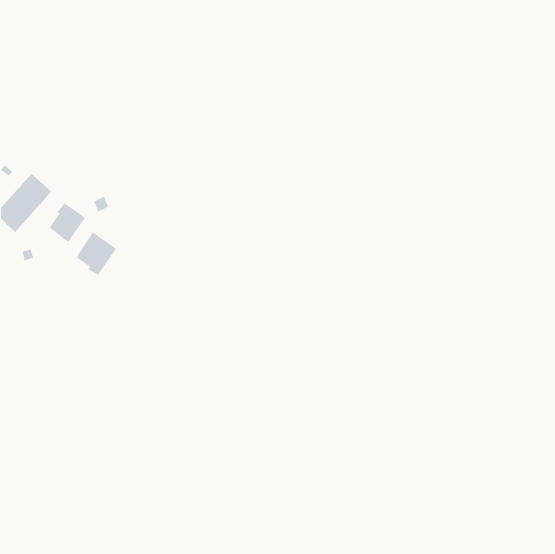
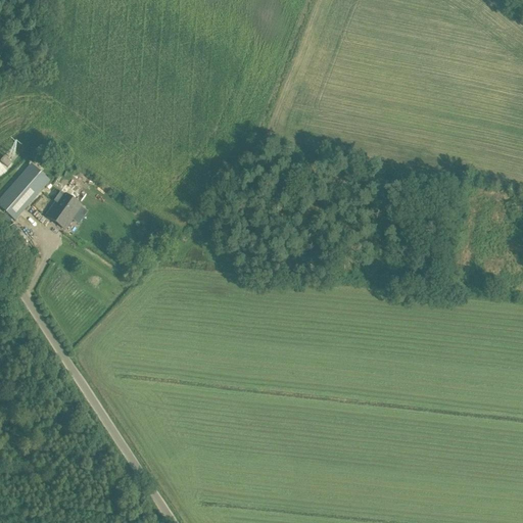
building: [76,232,117,276] -> none

